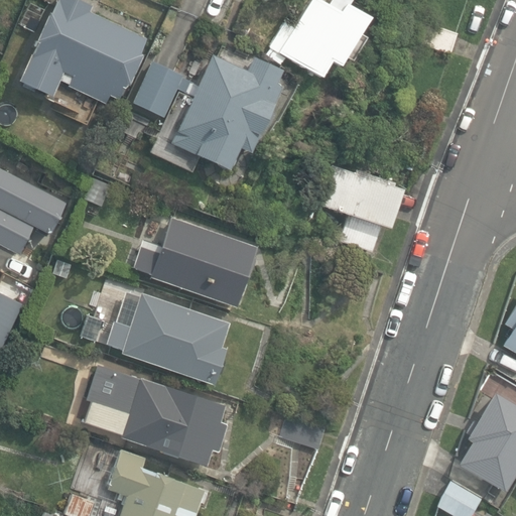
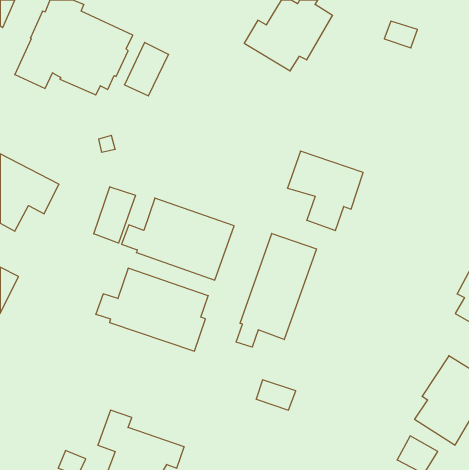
building: [173,56,283,170] -> none
building: none -> [94,187,135,243]
building: none -> [236,233,317,347]
building: [87,366,227,467] -> none

